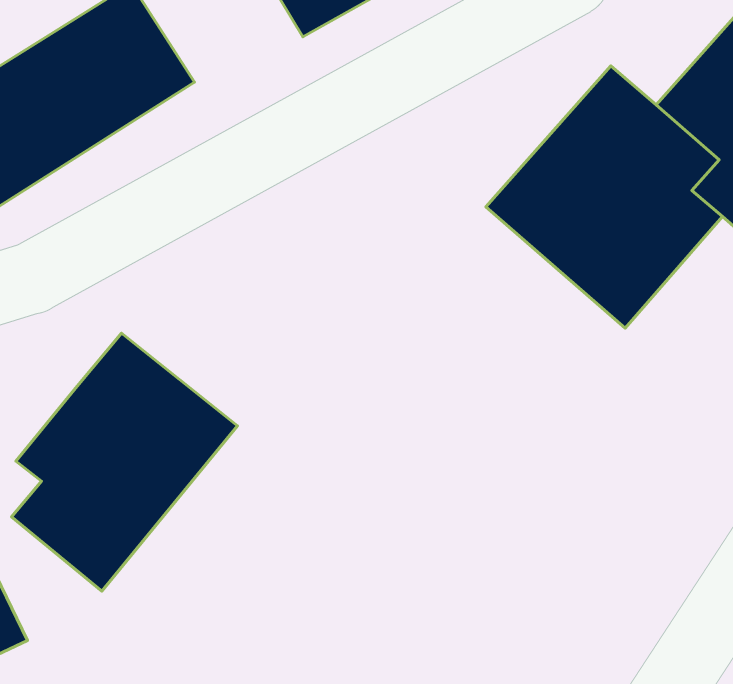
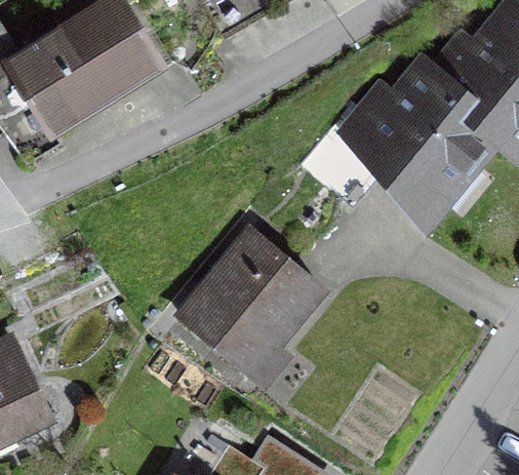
building: [12,333,237,591] -> none
building: none -> [181,226,322,369]

